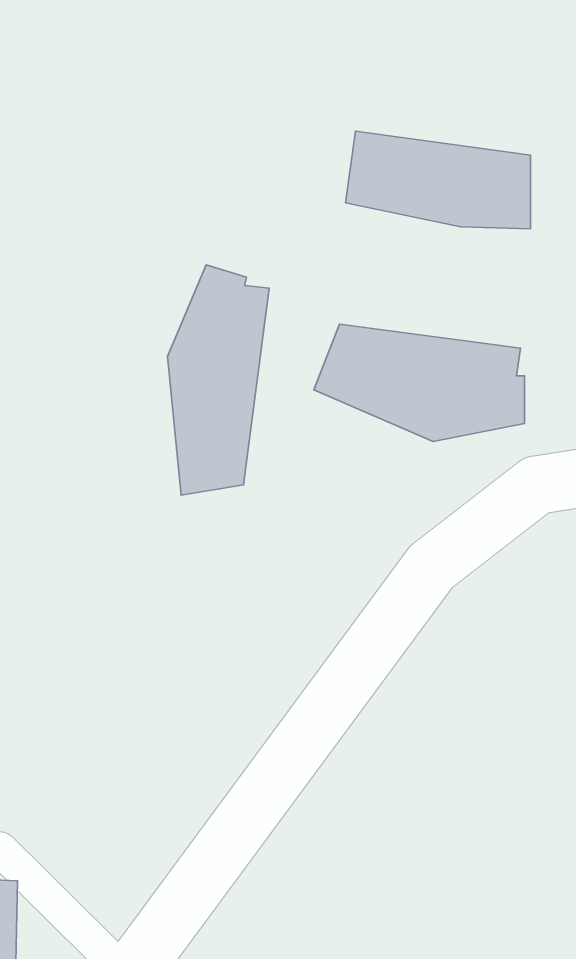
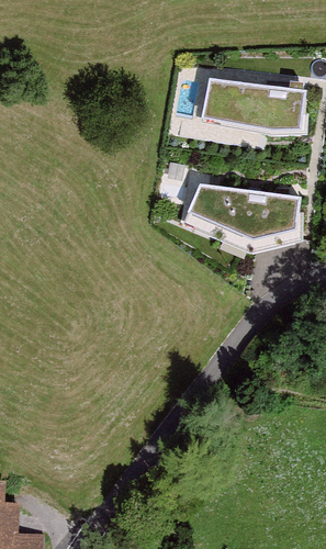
building: [167,265,269,495] -> none

